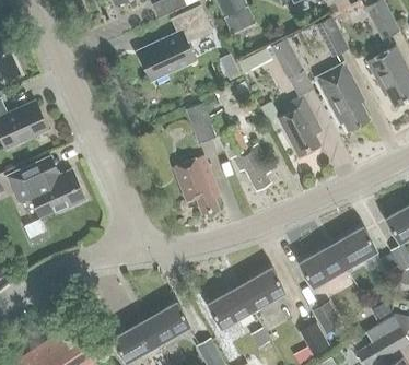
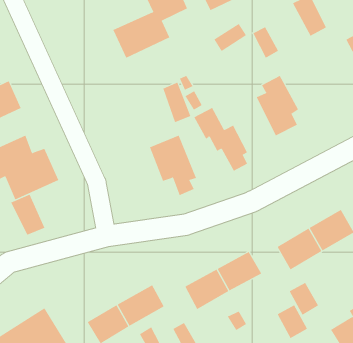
building: [316,64,370,130] -> none
building: none -> [11,194,45,236]

